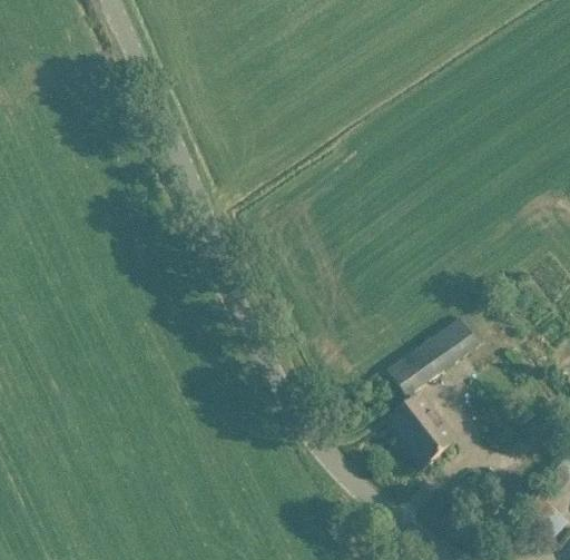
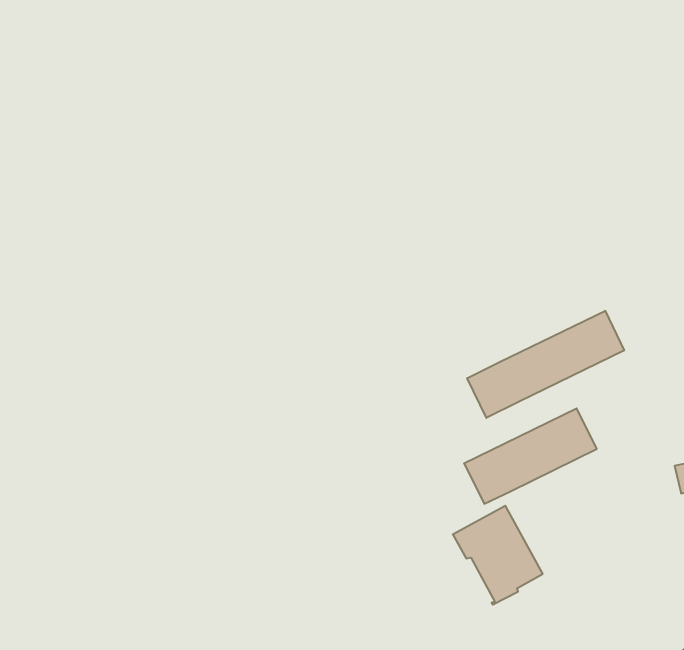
building: none -> [467,311,624,418]

